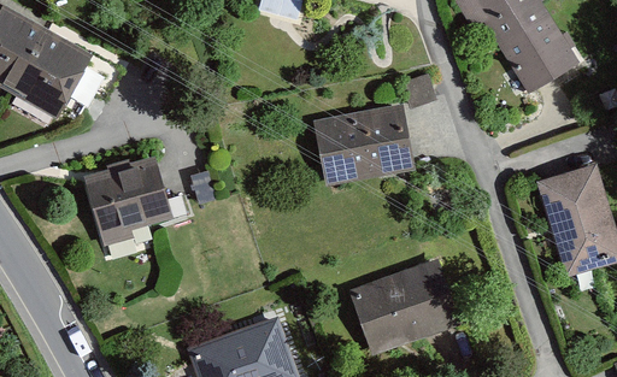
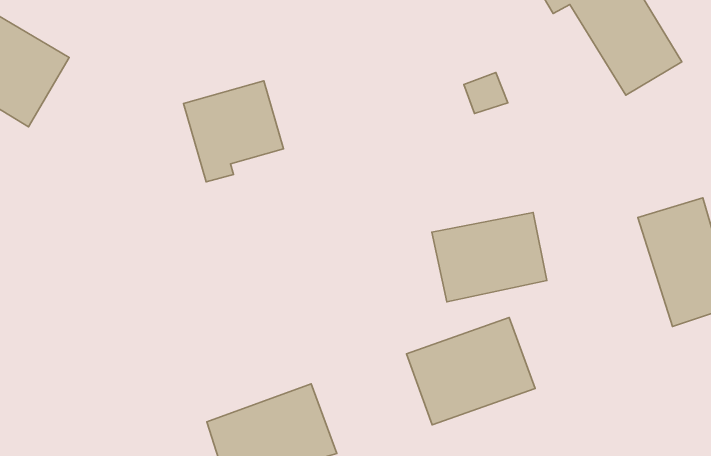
building: [319,111,411,182] -> [432,212,547,302]
building: [89,161,169,242] -> [184,81,283,182]

